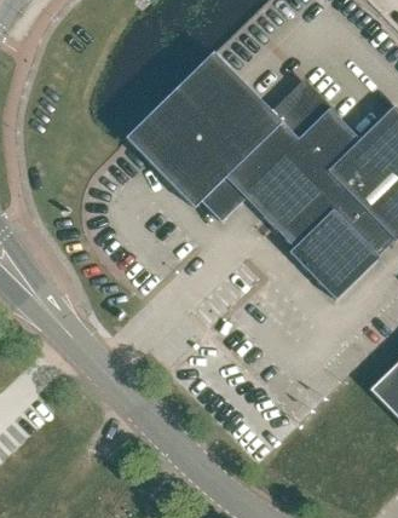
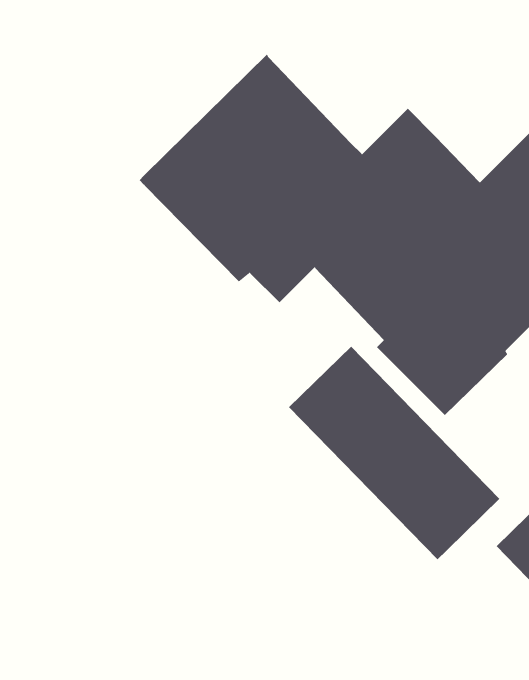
building: none -> [288,346,500,560]

